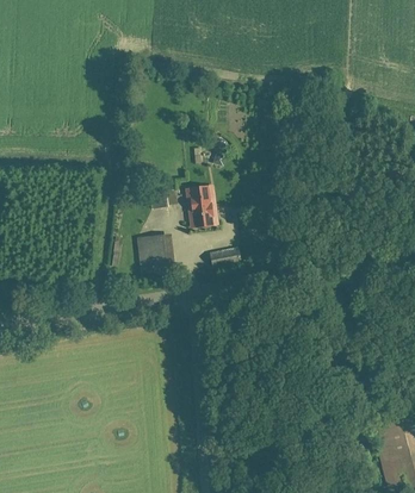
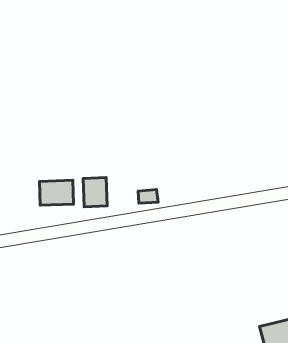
building: [190,186,217,226] -> none
building: none -> [40,180,74,205]

